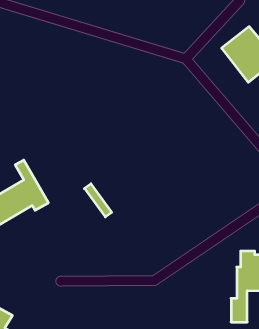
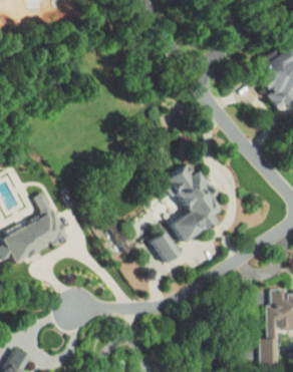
building: none -> [159,159,218,244]
building: none -> [148,230,178,264]

